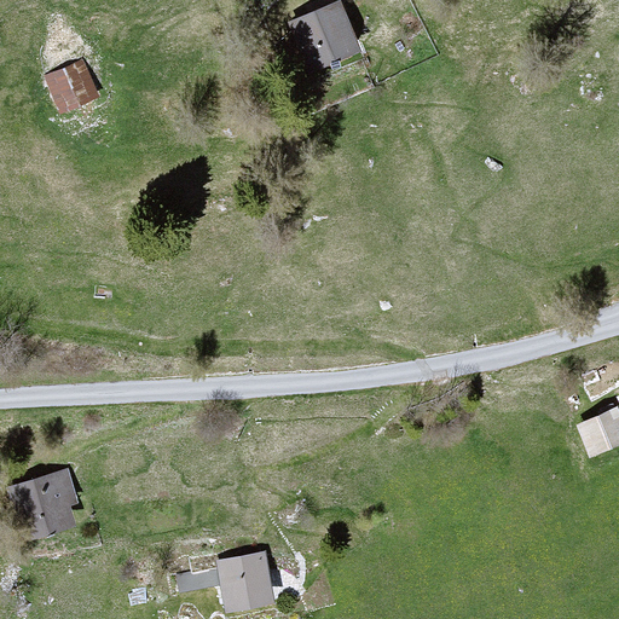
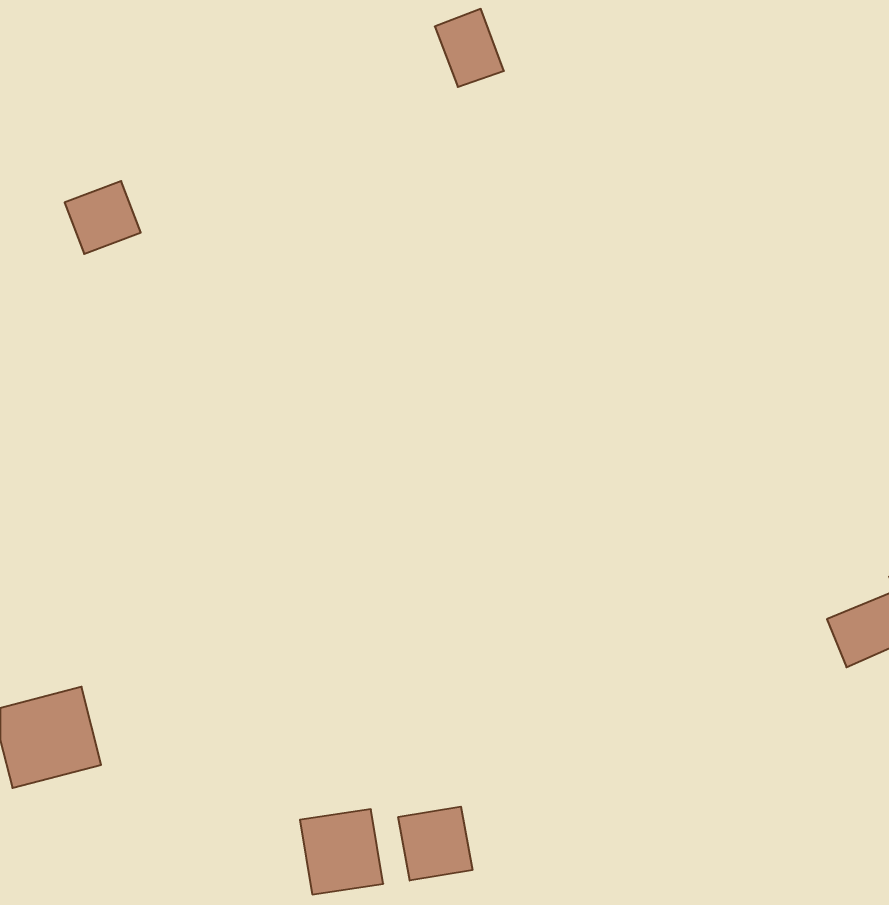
building: [47,65,99,115] -> [65,181,141,254]
building: none -> [398,807,472,881]

